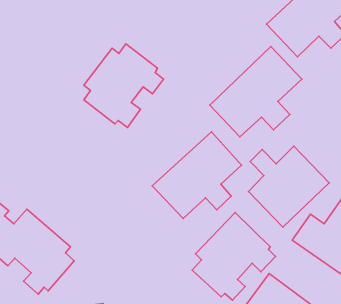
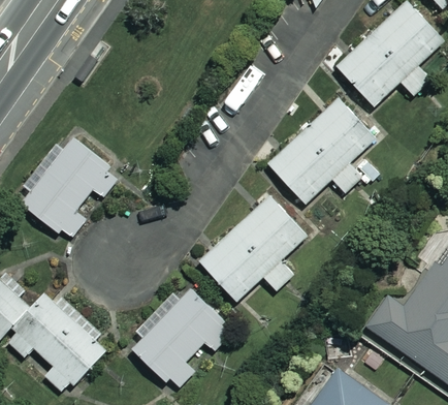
building: [84,44,164,127] -> [21,137,117,238]
building: [249,146,329,227] -> none
building: [192,213,275,300] -> [131,281,231,386]

